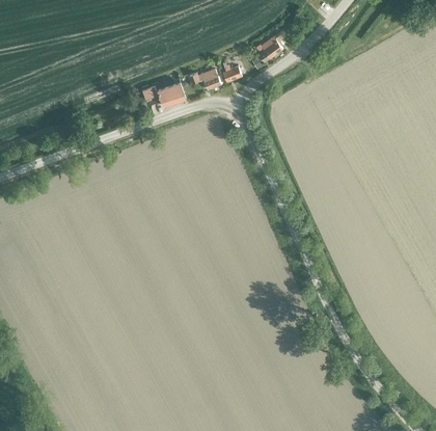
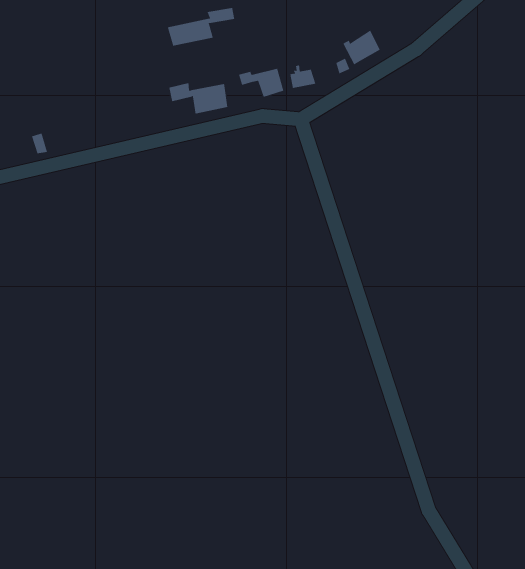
building: none -> [167,7,235,46]

